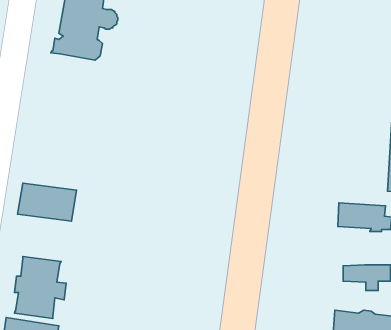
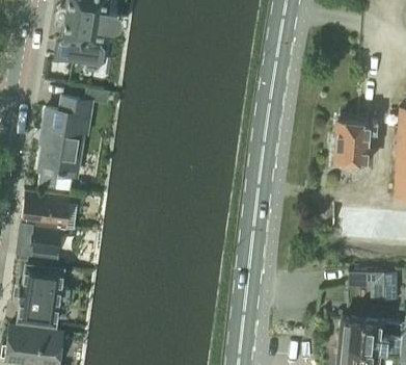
building: none -> [38,98,92,190]
building: none -> [331,121,373,162]
building: none -> [16,221,61,265]

